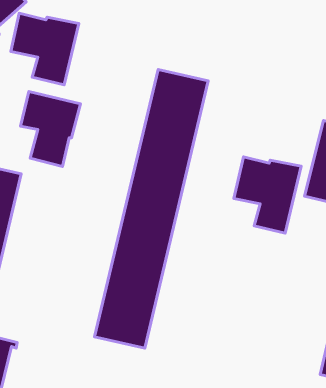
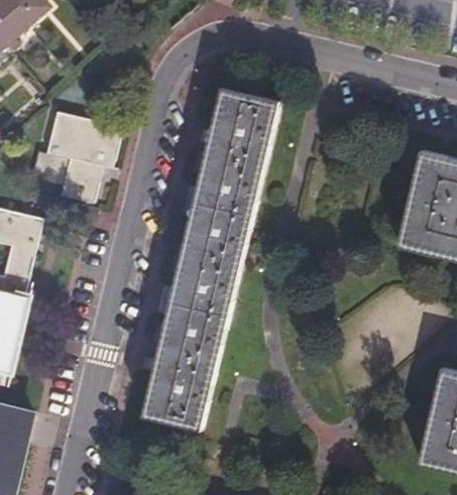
building: [11,13,79,85] -> none
building: [234,157,301,233] -> none

